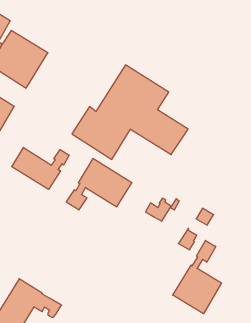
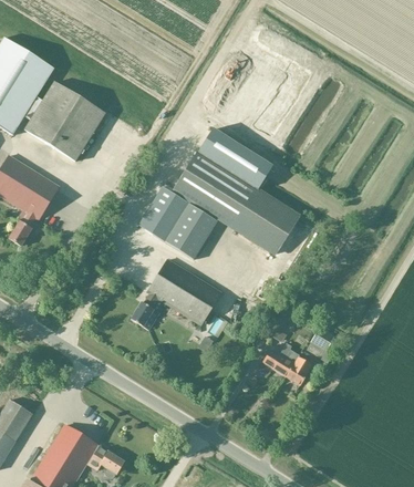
building: [12,147,69,189] -> none
building: [146,198,171,221] -> [263,343,299,375]
building: [173,240,222,314] -> none

